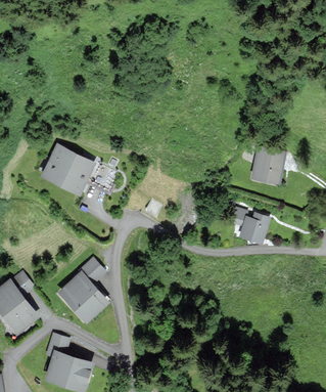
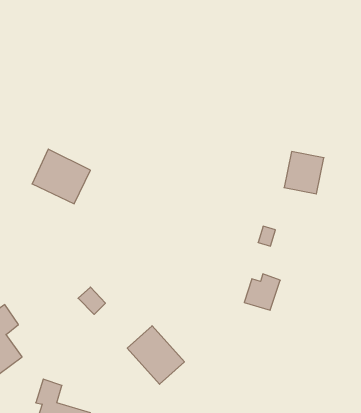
building: [239,214,269,244] -> [244,274,280,310]
building: [60,273,107,321] -> [127,326,184,384]

